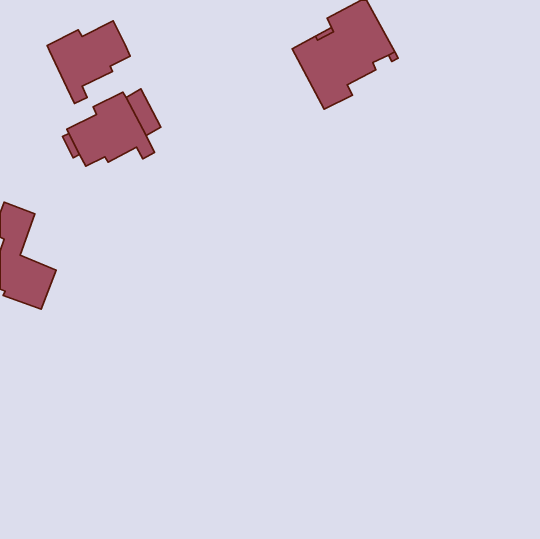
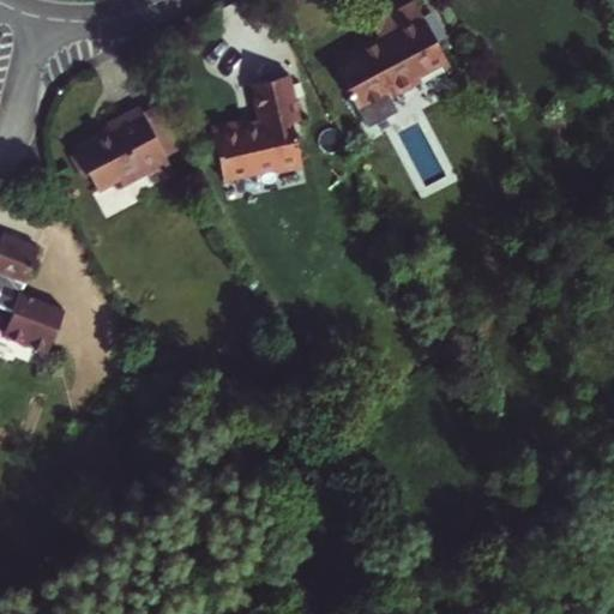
building: [47,21,130,103] -> none
building: none -> [210,76,300,182]

